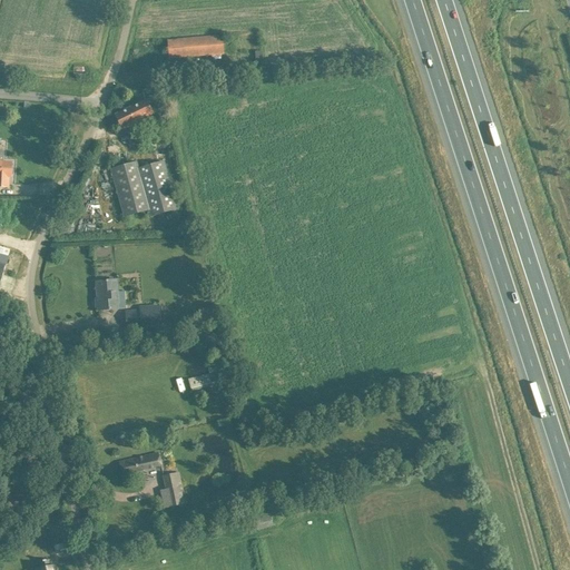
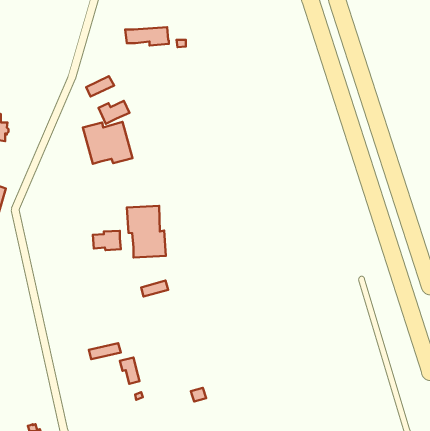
building: none -> [98,101,129,124]
building: none -> [127,206,166,257]
building: [92,278,117,309] -> none

